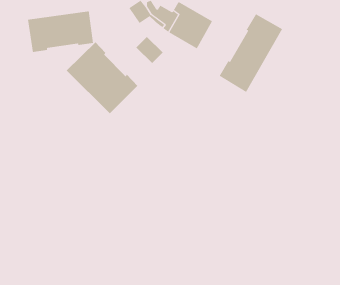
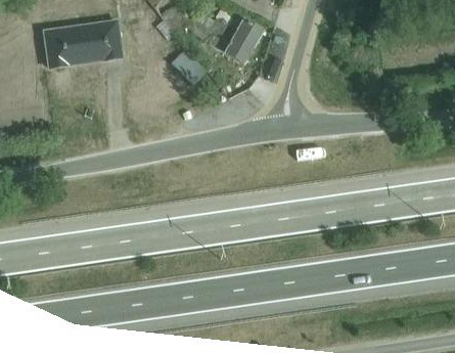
building: [219,13,283,93] -> none
building: [66,41,138,114] -> none

